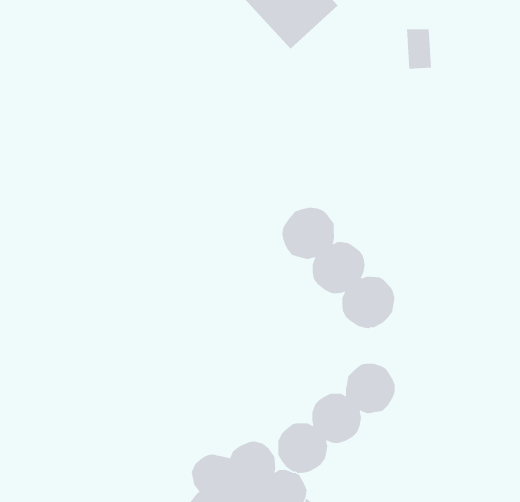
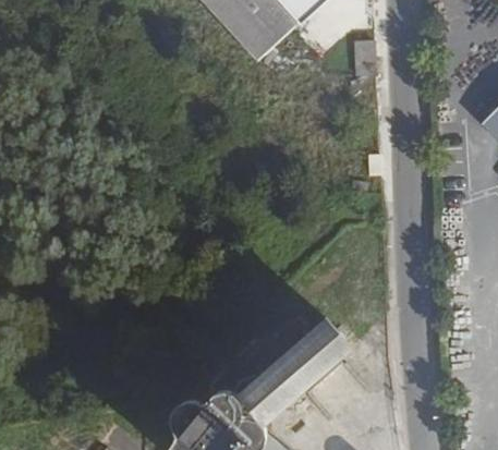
building: [282,207,395,329] -> none

